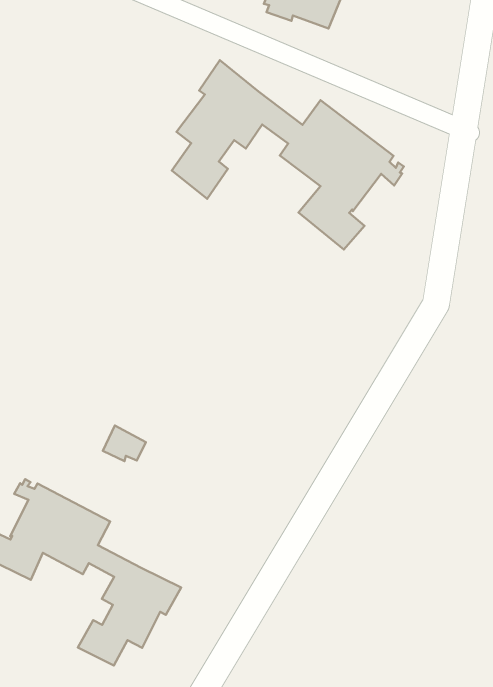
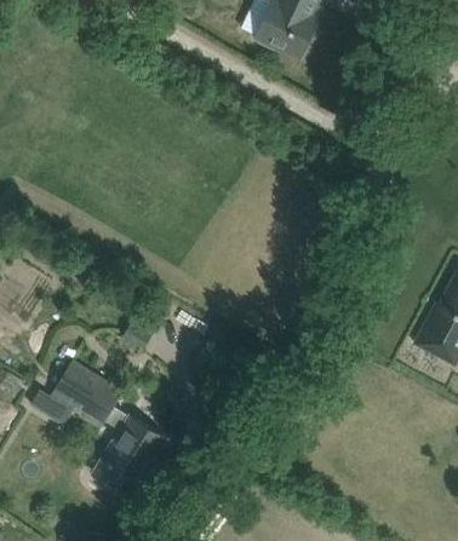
building: [172,60,404,249] -> none

